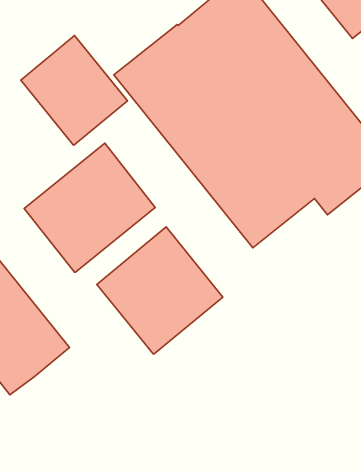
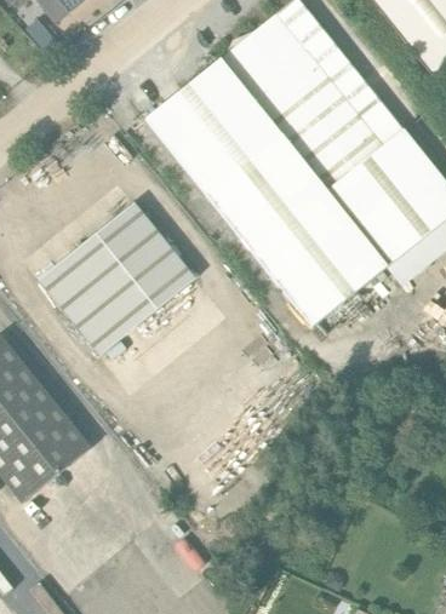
building: [21,35,127,145] -> none
building: [97,227,223,354] -> none

